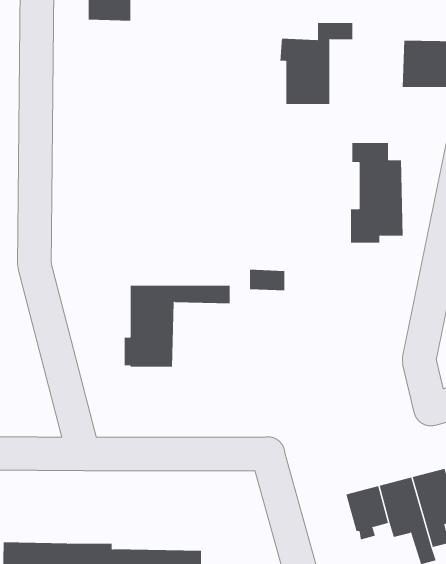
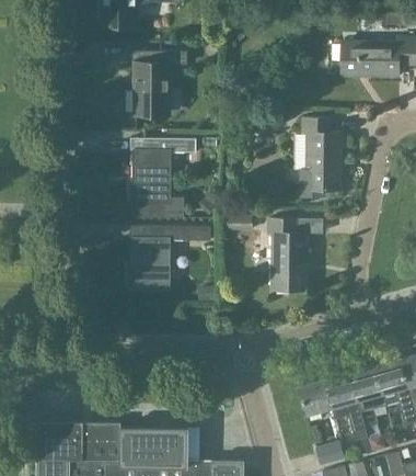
building: [280,22,353,105] -> [131,52,187,114]
building: none -> [130,139,196,218]
building: none -> [269,219,308,291]

